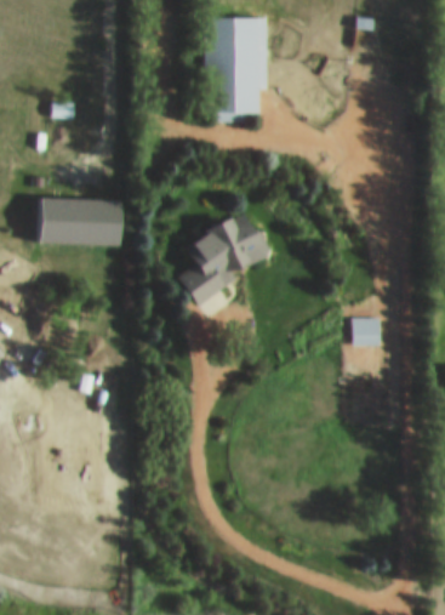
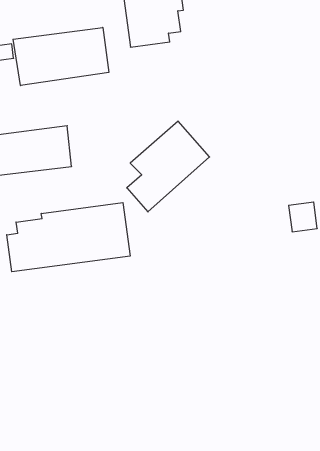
building: none -> [13,27,109,86]
building: none -> [7,203,130,272]

